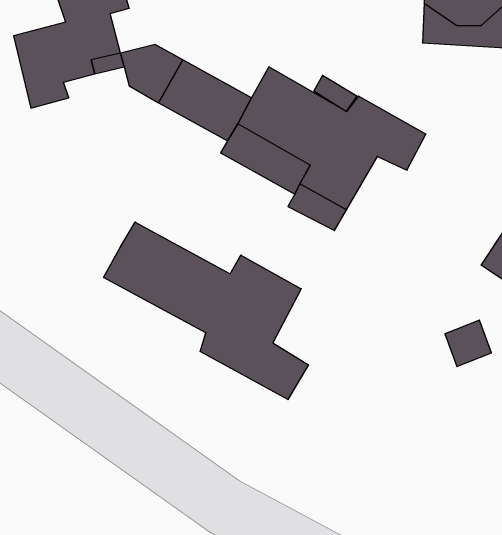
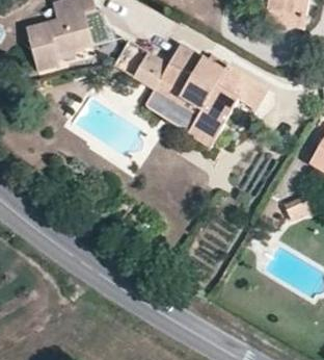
building: [104,222,309,400] -> none

